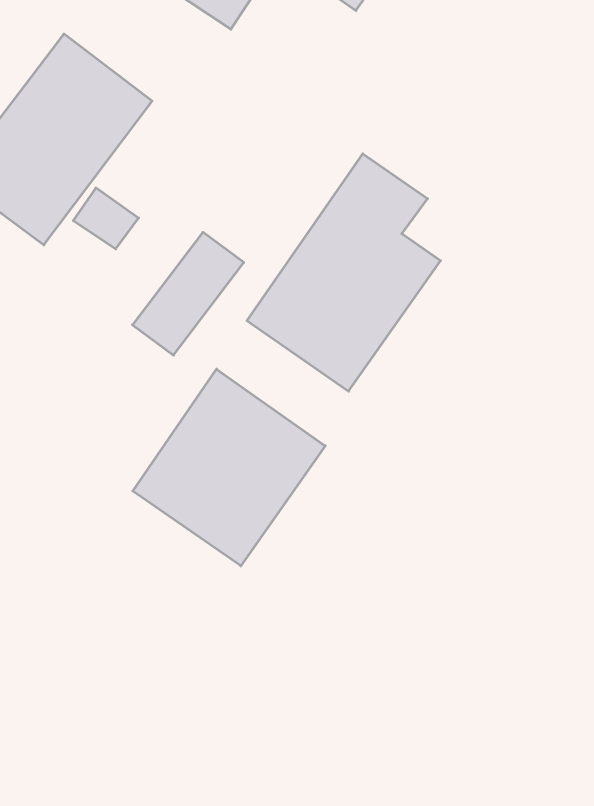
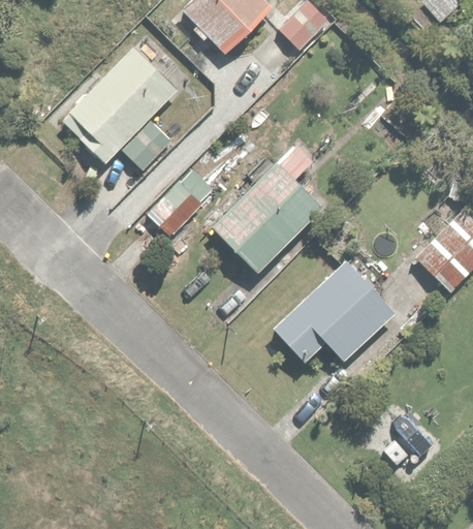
building: none -> [274,255,392,361]
building: [133,369,325,566] -> none

